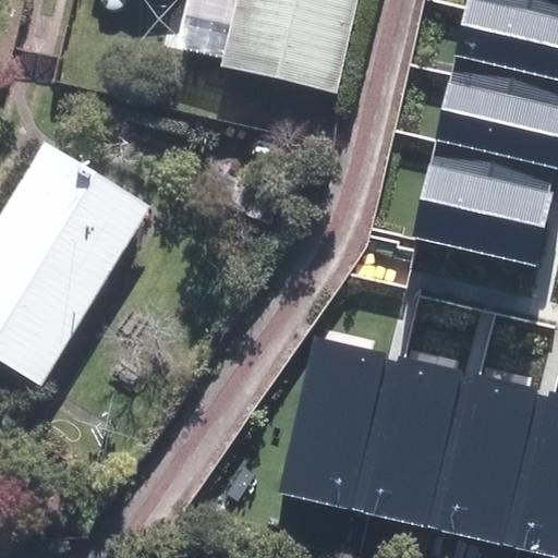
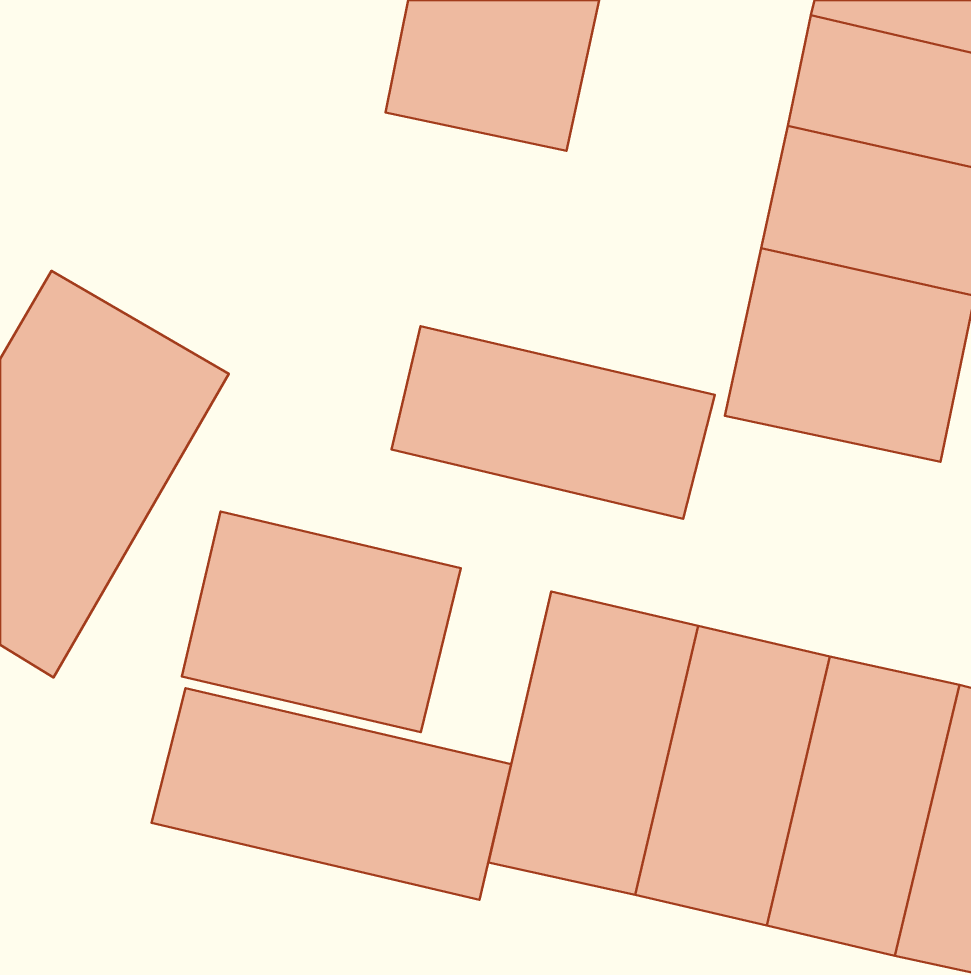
building: none -> [392,326,715,519]
building: none -> [182,512,461,732]
building: none -> [152,688,511,900]

